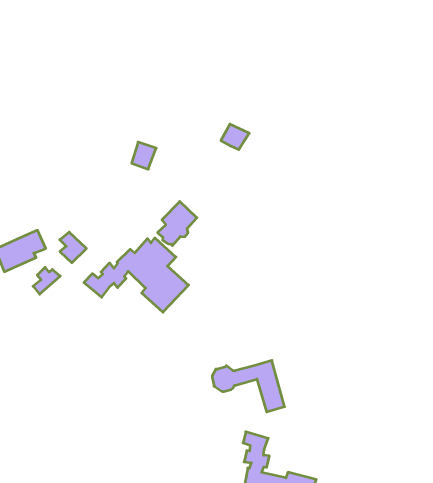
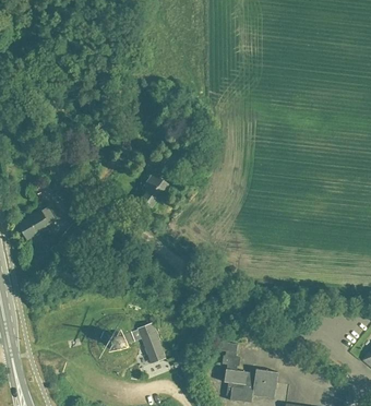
building: [84,238,189,312] -> none
building: [212,360,285,412] -> [107,323,164,362]

